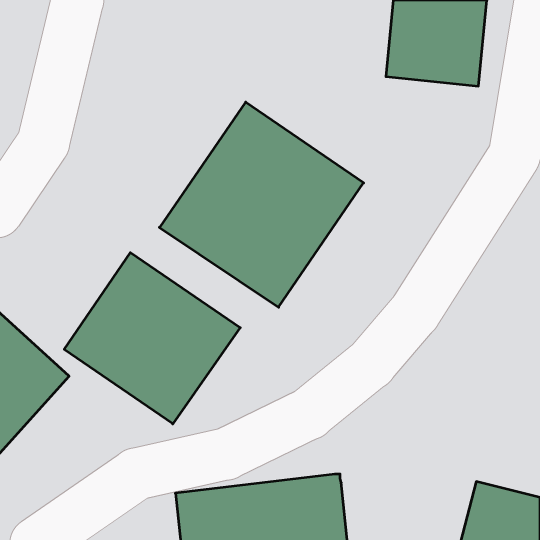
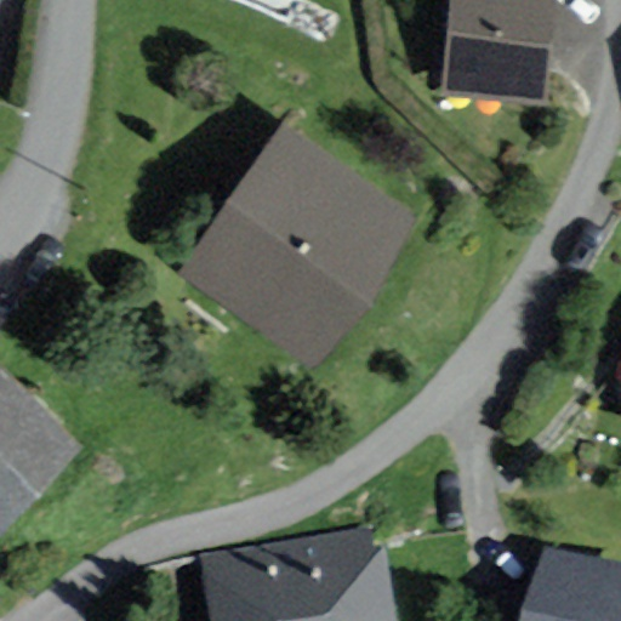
building: [64,253,240,424] -> none

